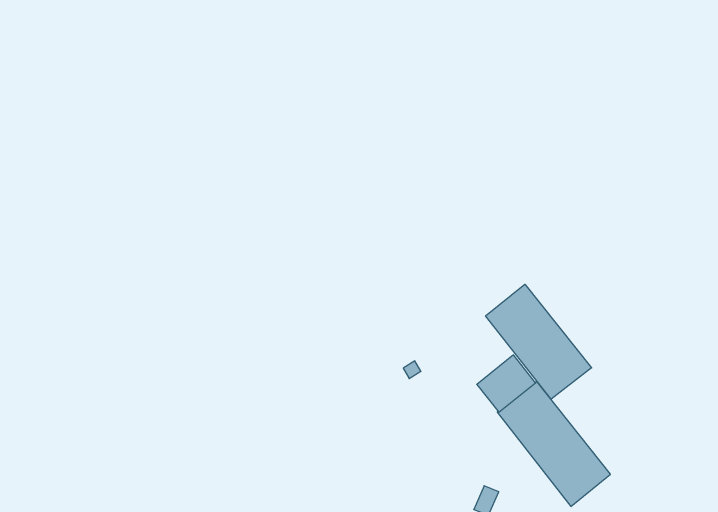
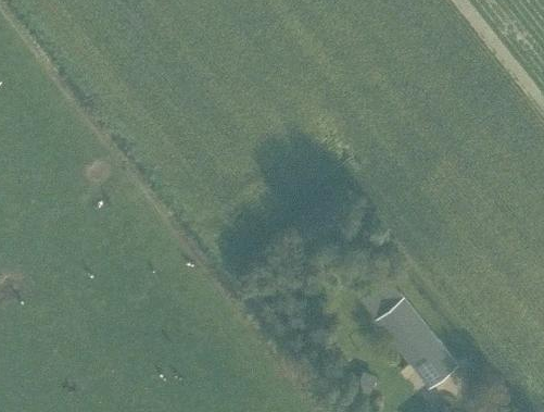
building: [486,284,592,399] -> none

